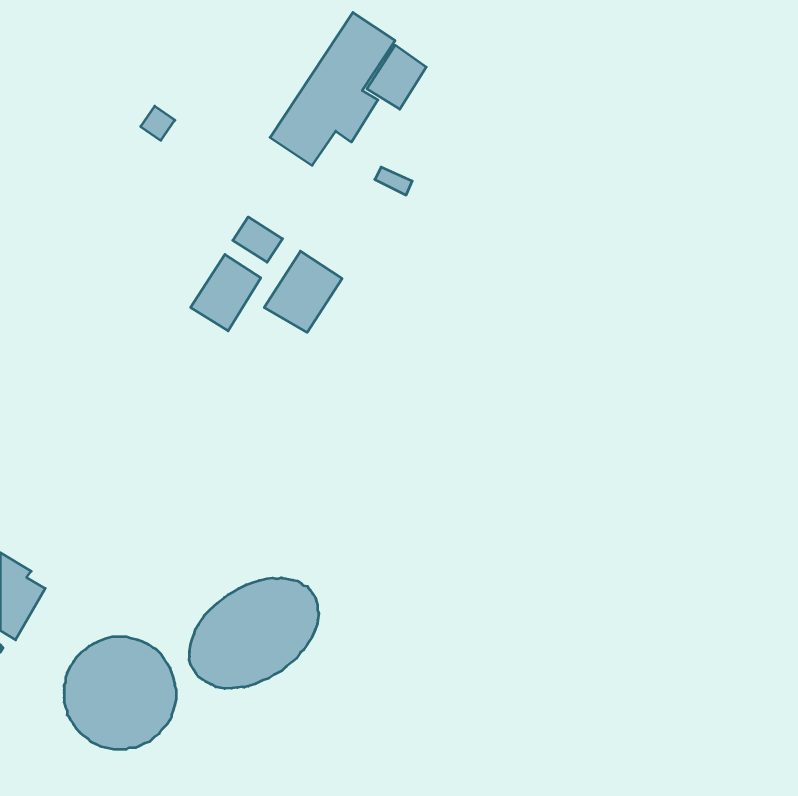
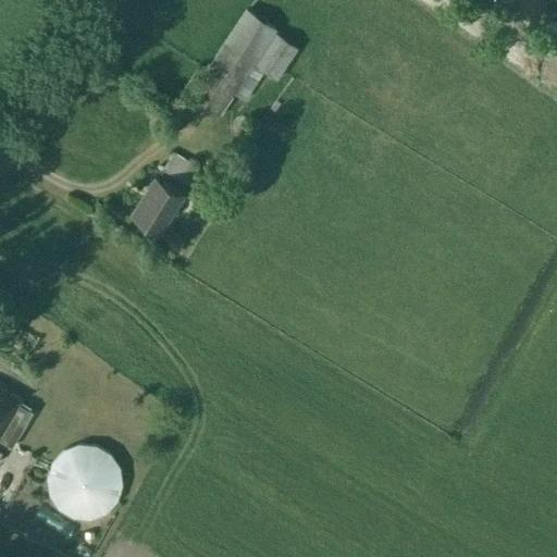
building: [264,251,342,332] -> none
building: [189,578,319,689] -> none

